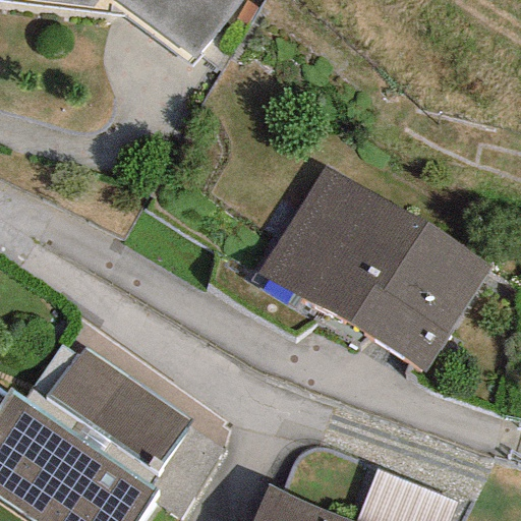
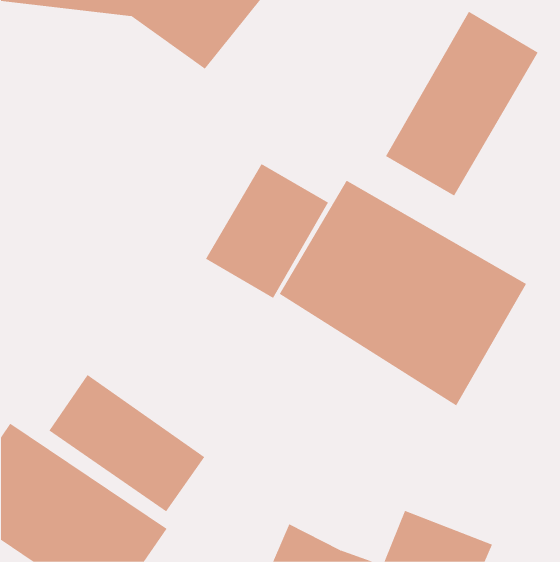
building: none -> [385,11,539,196]
building: none -> [205,163,329,299]

